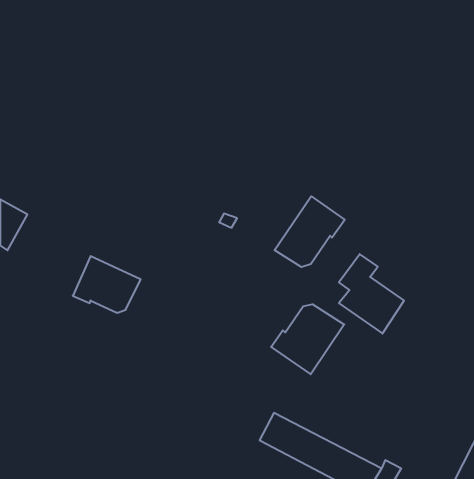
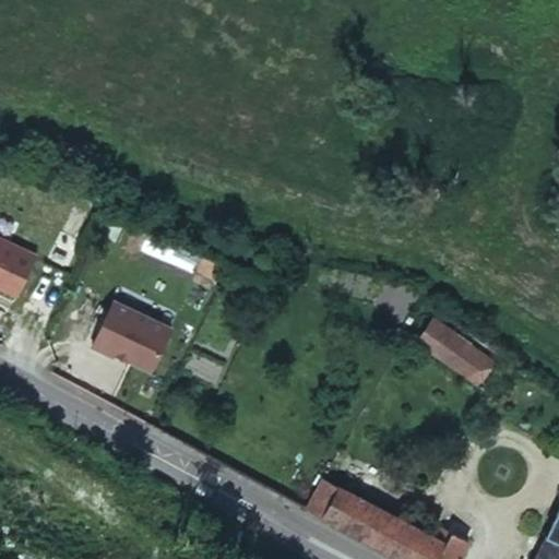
building: [275,196,345,267] -> none
building: [271,304,344,374] -> none

